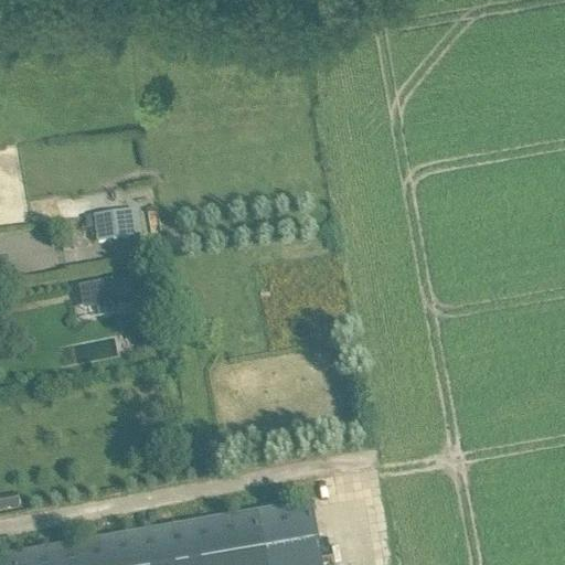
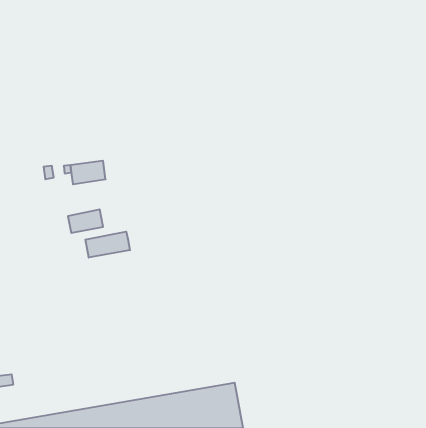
building: none -> [85,232,130,258]

